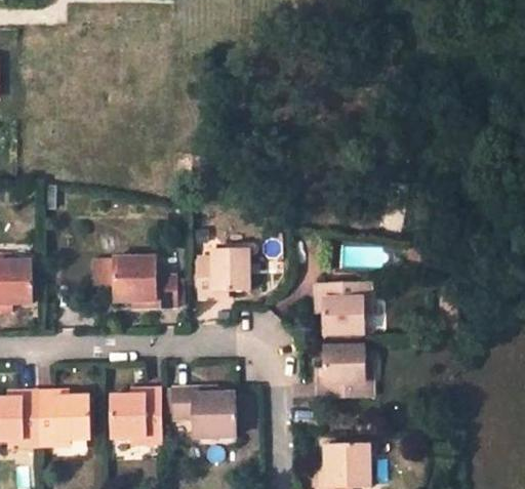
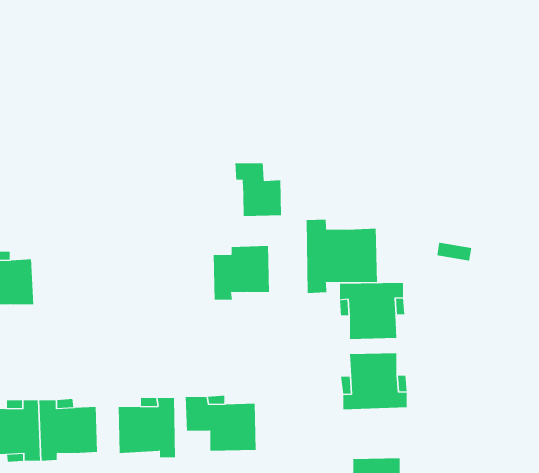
building: none -> [235,162,282,217]
building: none -> [306,219,377,294]
building: [112,256,177,307] -> none

